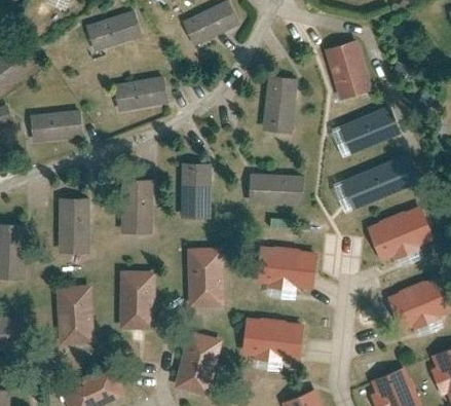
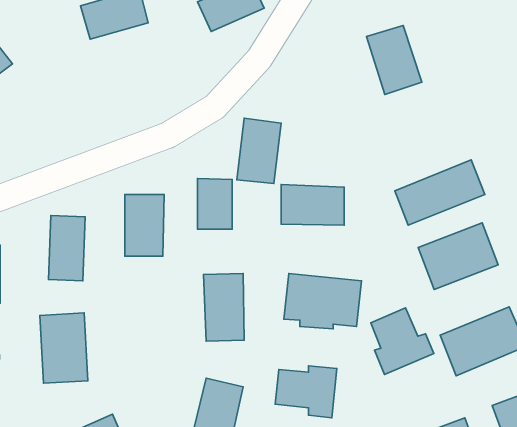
building: [262,77,299,132] -> [237,118,281,184]
building: [113,79,162,111] -> none
building: [339,107,400,152] -> none
building: [30,112,83,144] -> none
building: [117,269,157,331] -> none
building: none -> [371,308,434,375]

